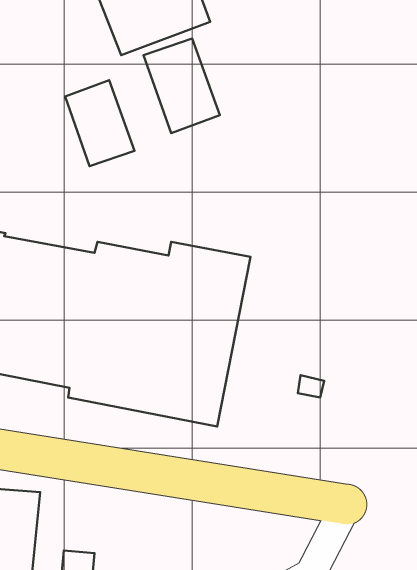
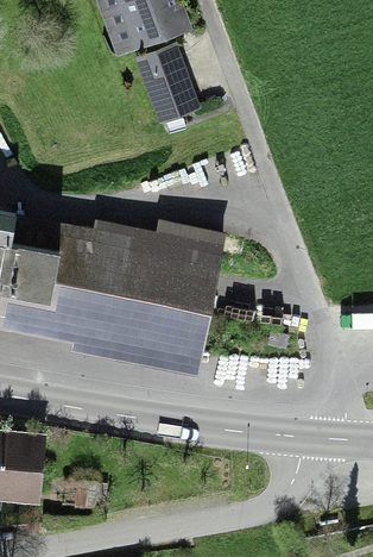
building: [65,80,134,166] -> none

